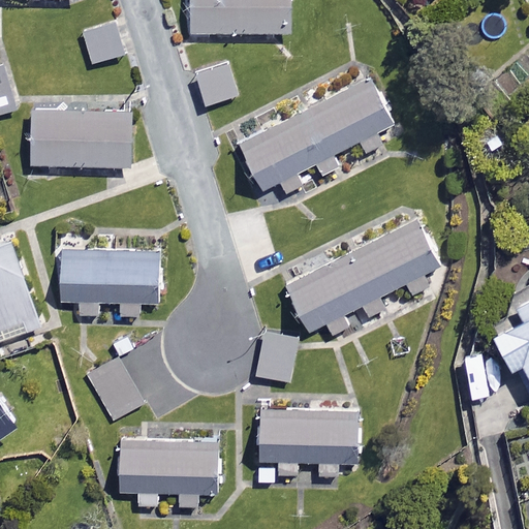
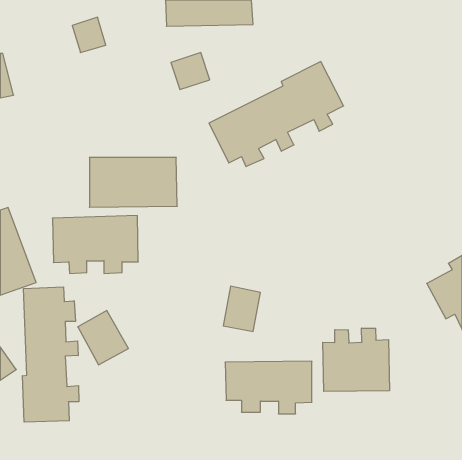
building: [30,108,130,165] -> [89,157,177,207]
building: [285,220,439,334] -> none
building: none -> [22,287,79,422]
building: none -> [323,328,389,391]
building: [117,439,218,506] -> none

